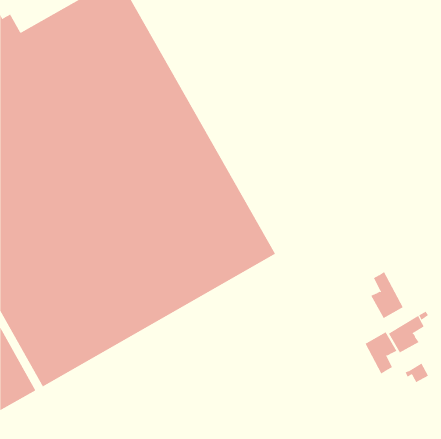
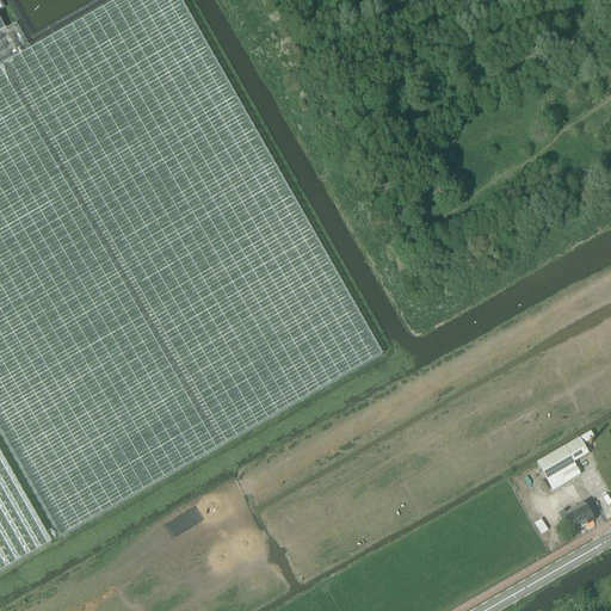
building: [370,271,403,319] -> none
building: [365,332,397,374] -> none

